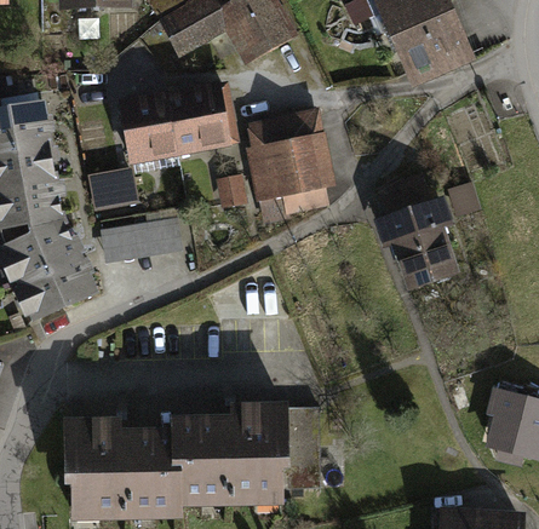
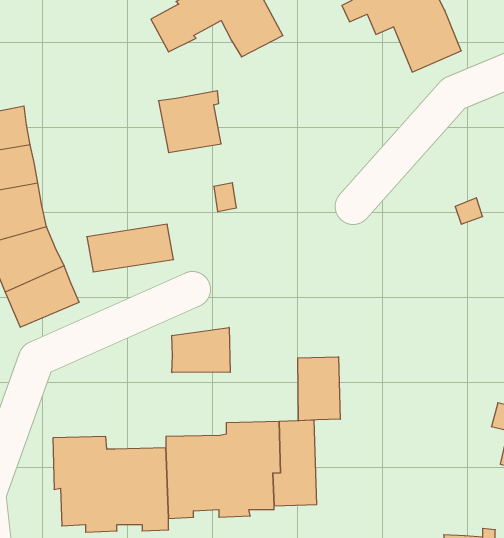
building: [121,98,178,157] -> none
building: [252,114,327,215] -> none
building: [91,169,136,207] -> none
building: [383,184,453,283] -> none
building: none -> [172,327,230,373]
building: none -> [298,357,340,421]

